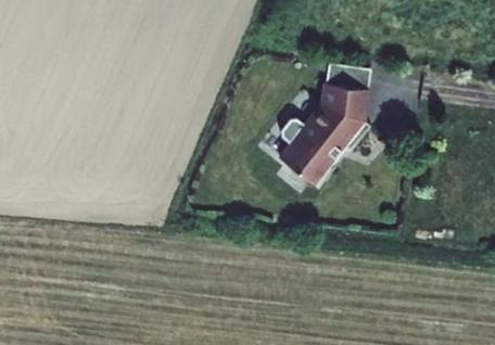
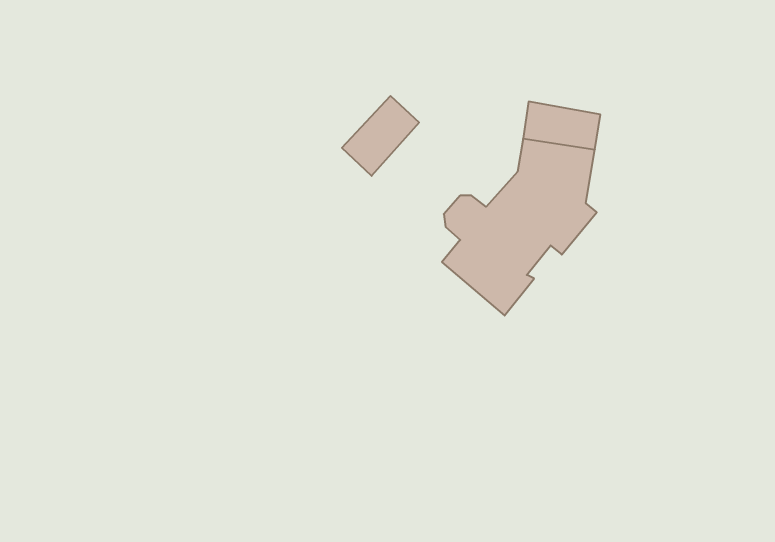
building: none -> [342,96,419,176]

